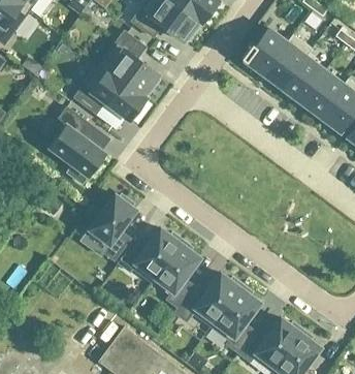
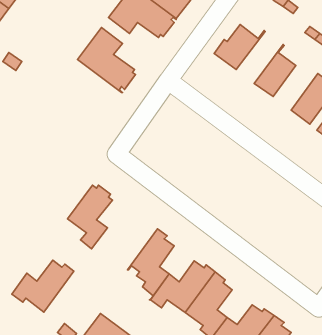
building: [263,35,312,89] -> none
building: [74,64,144,120] -> none
building: [301,70,348,117] -> none
building: [45,107,104,184] -> none
building: [118,228,182,282] -> [12,260,74,312]

